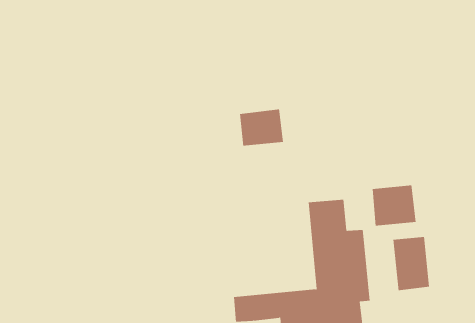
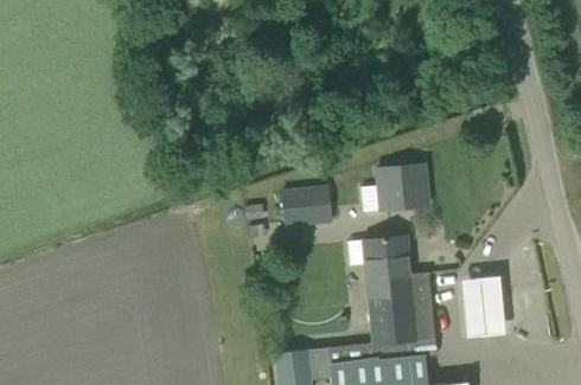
building: [239,109,284,146] -> [282,184,334,227]
building: [372,185,416,226] -> [378,161,430,210]

